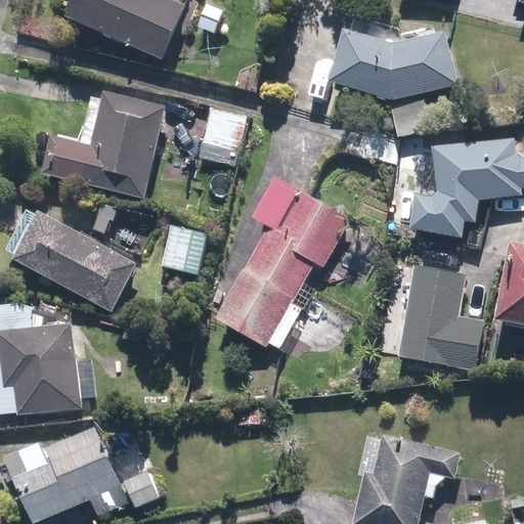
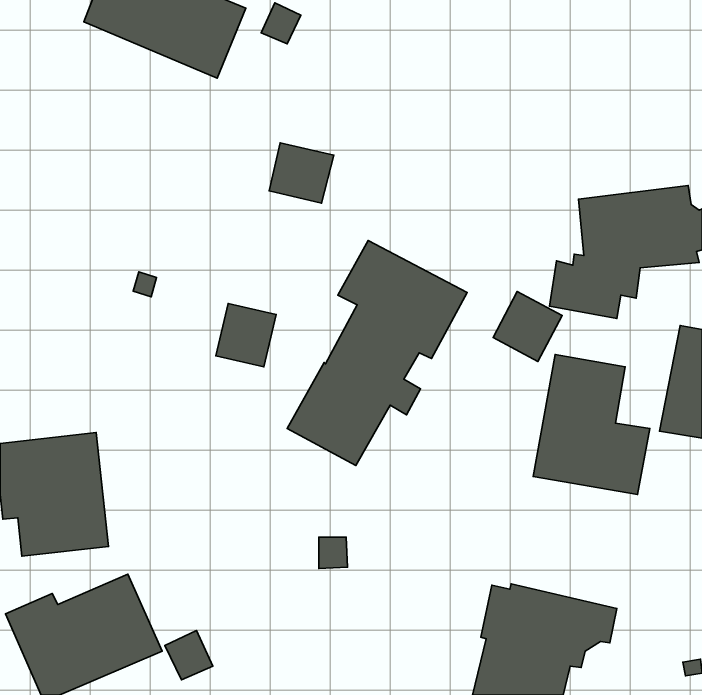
building: [325,32,458,137] -> none
building: [40,91,166,198] -> none
building: [11,212,135,310] -> none
building: none -> [493,292,562,361]

